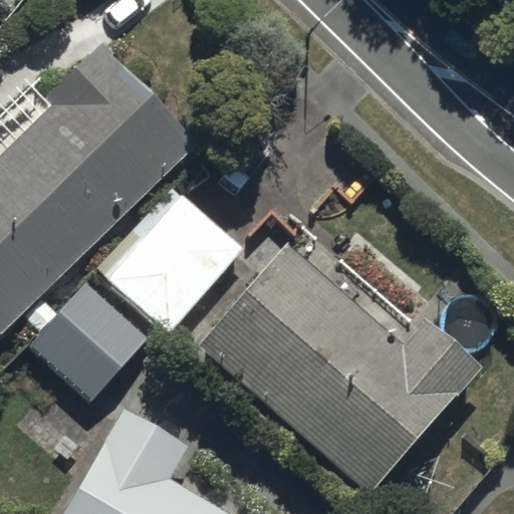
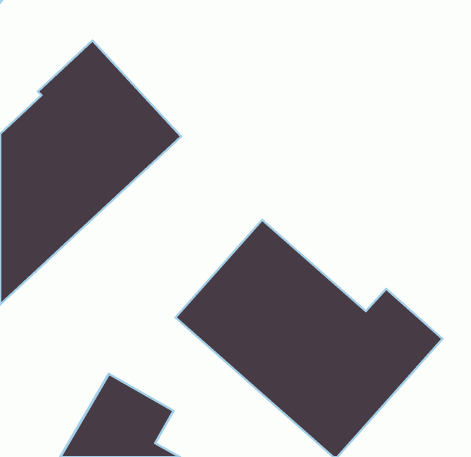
building: [104,191,242,341] -> none
building: [24,272,153,401] -> none

